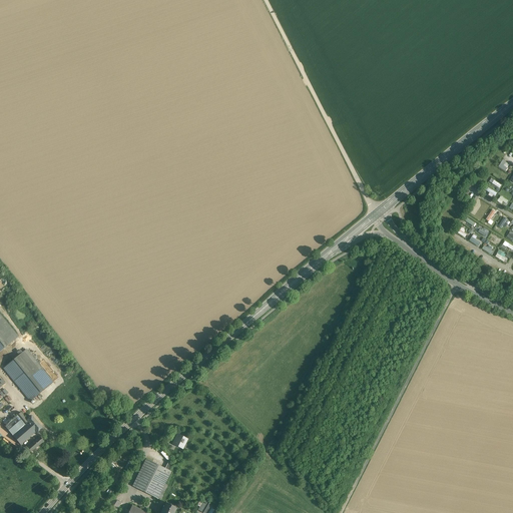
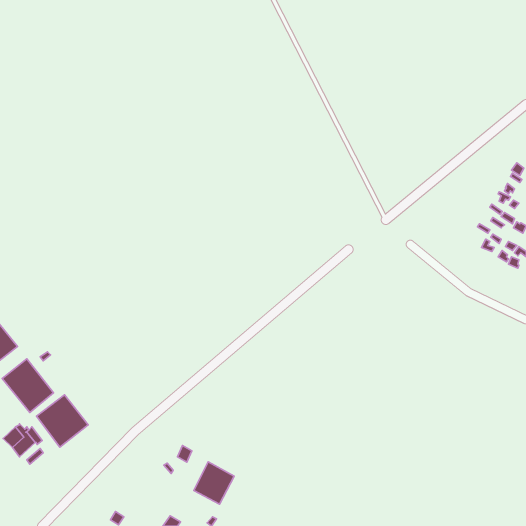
building: none -> [37,395,88,447]
building: [131,458,170,499] -> [194,462,234,504]

